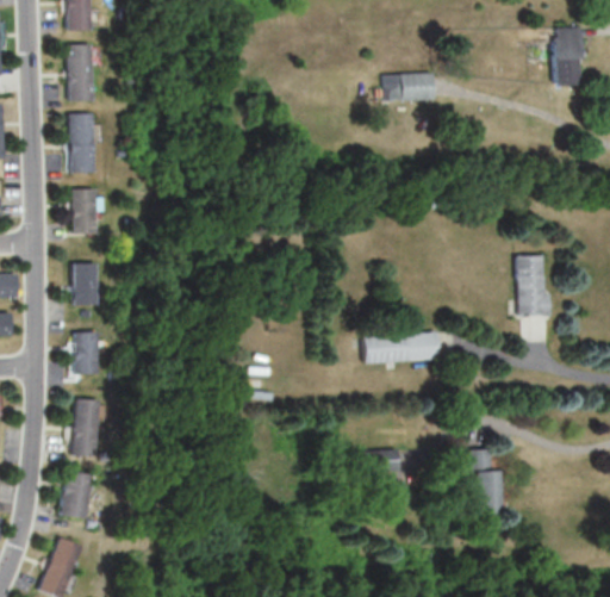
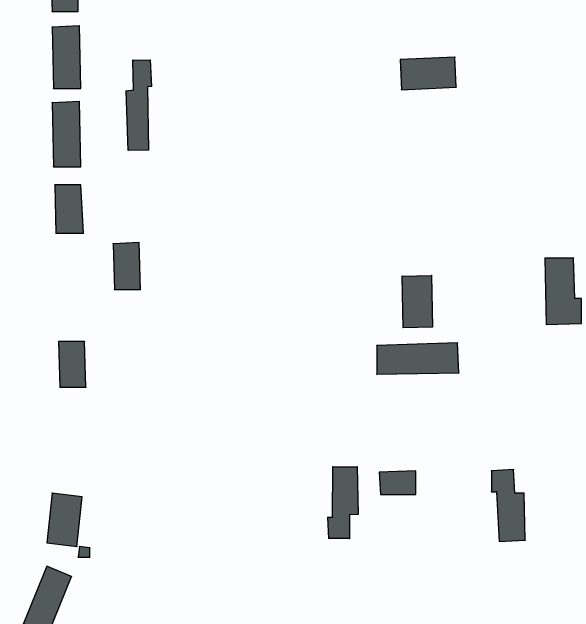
building: none -> [126,60,152,150]
building: [70,263,95,306] -> [113,243,140,290]
building: none -> [402,275,432,328]
building: [74,399,99,455] -> none
building: none -> [328,467,358,539]

